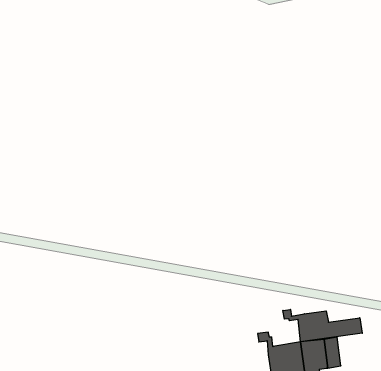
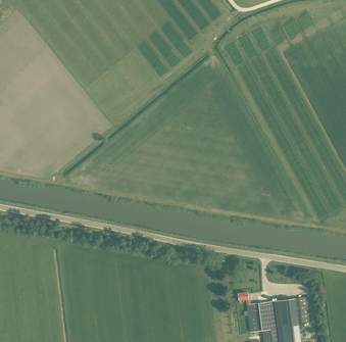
building: [283,309,362,342] -> none

